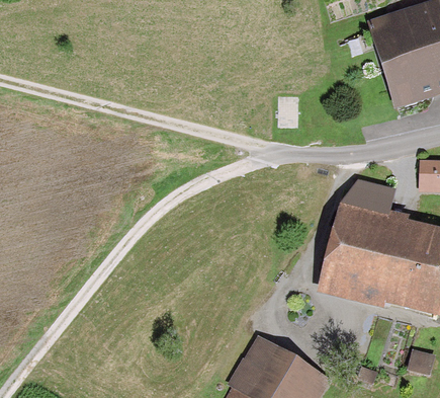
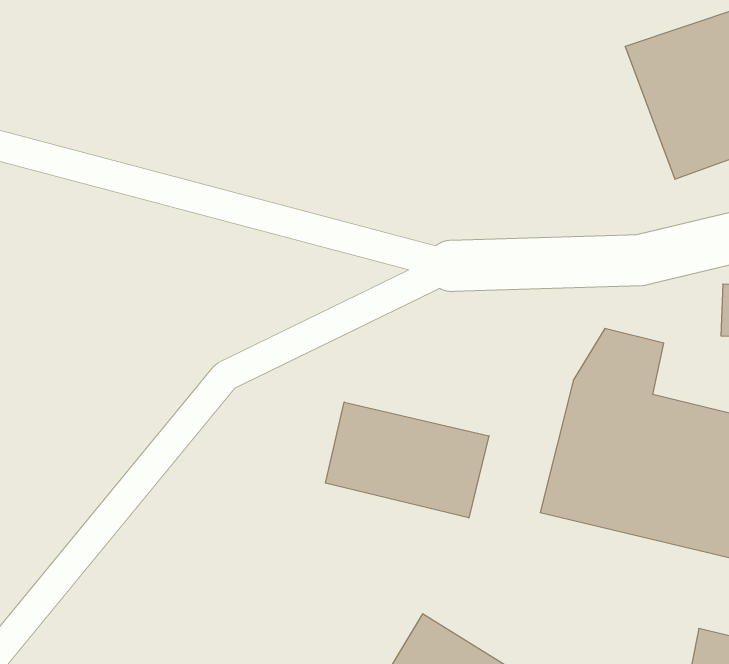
building: none -> [325,402,489,518]

